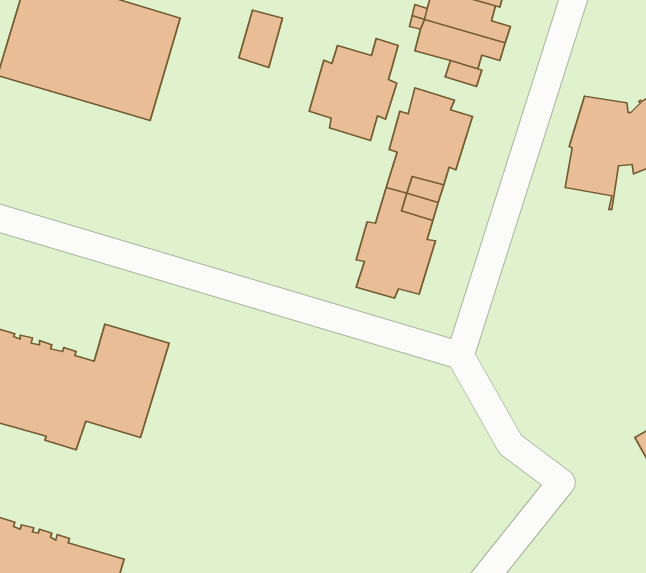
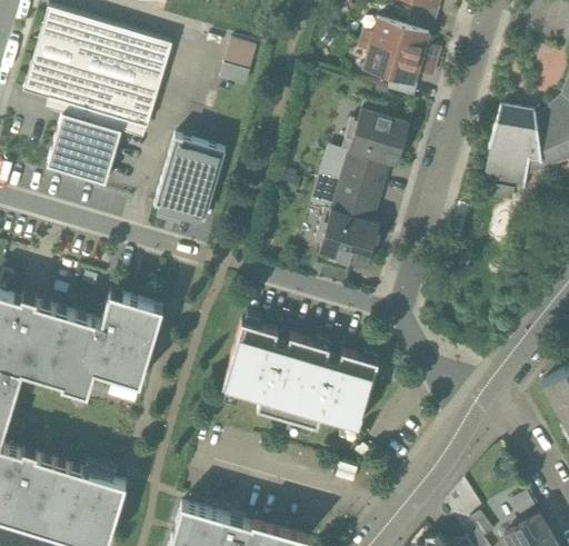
building: [309,39,398,141] -> none
building: none -> [46,112,121,183]
building: none -> [153,136,224,220]
building: none -> [221,322,378,428]

